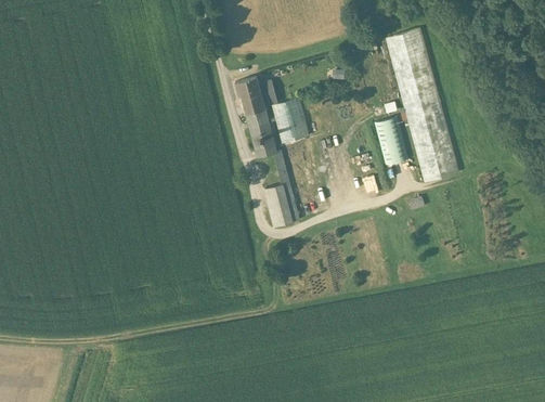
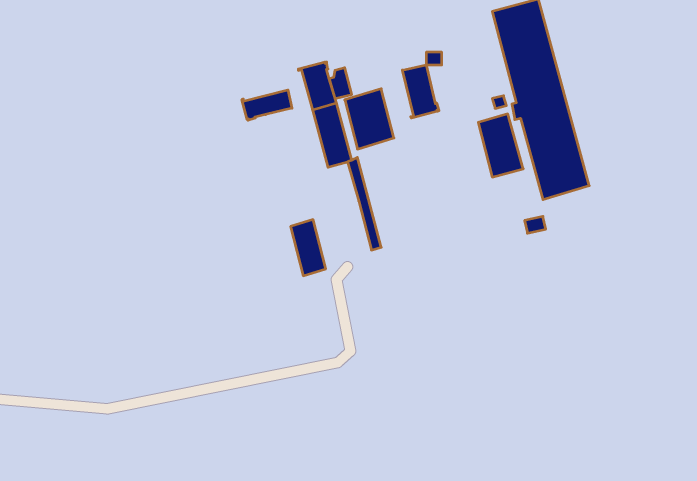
building: none -> [402,65,439,118]
building: none -> [242,90,292,120]
building: [264,184,291,228] -> [291,220,326,276]

